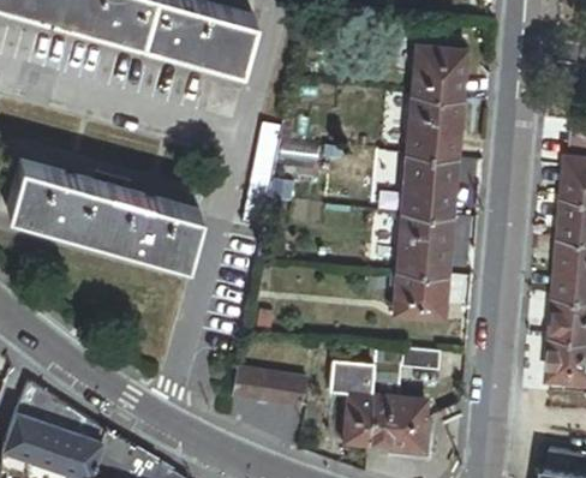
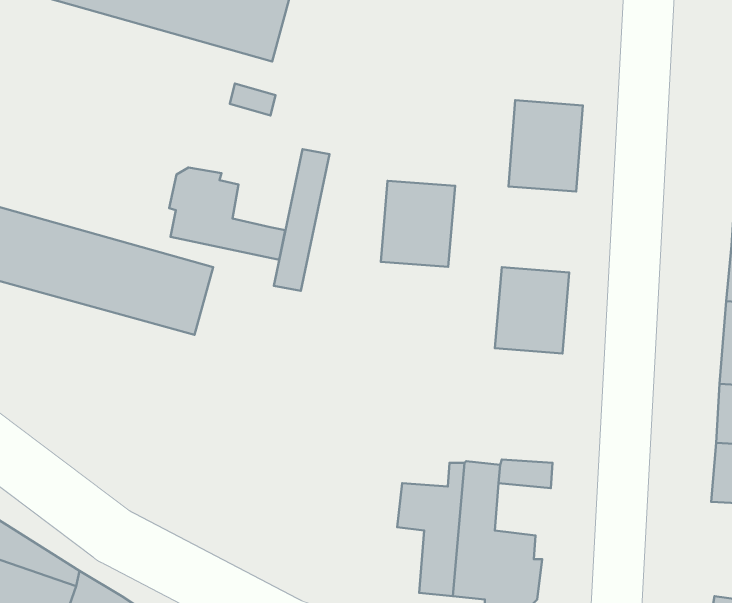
building: [413,48,465,100] -> none
building: none -> [169,168,285,259]
building: [403,157,456,219] -> [381,181,455,267]
building: [393,273,447,335] -> none
building: [229,369,306,411] -> none

